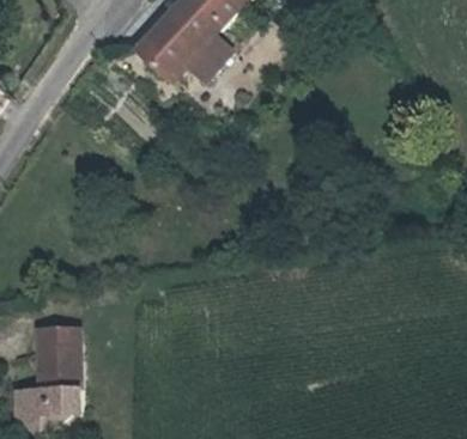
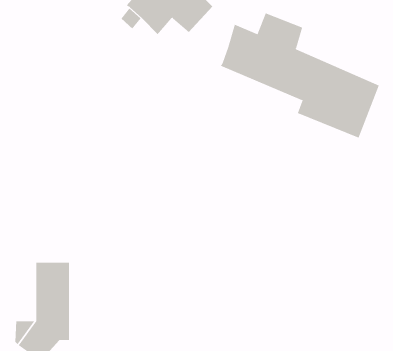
building: none -> [220,12,379,138]

